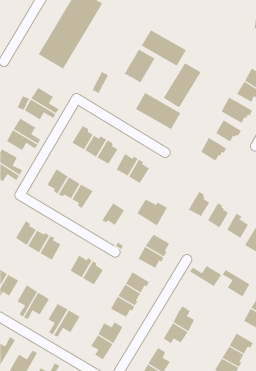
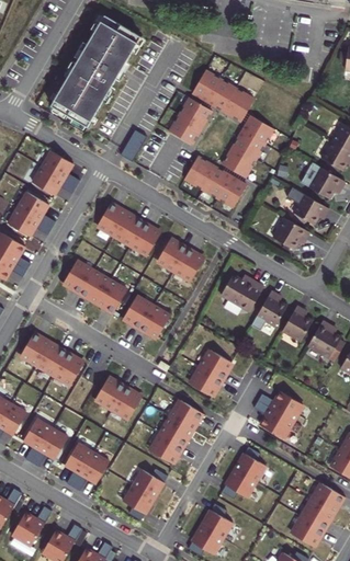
building: none -> [124,296,154,330]
building: [136,199,168,226] -> [221,274,263,311]
building: [222,269,250,297] -> [253,400,292,438]

